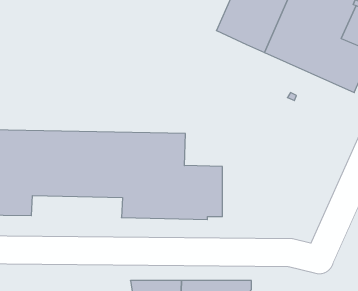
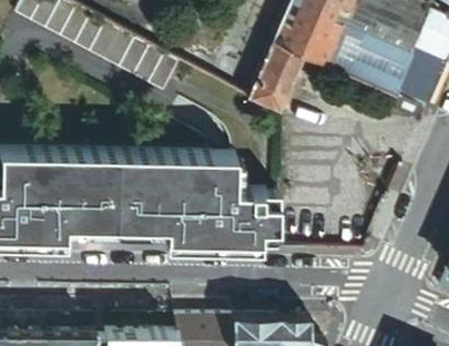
building: none -> [247,45,305,116]

